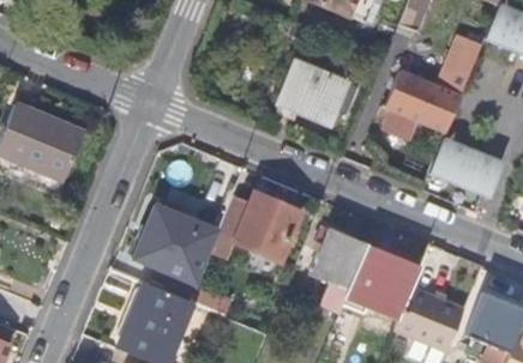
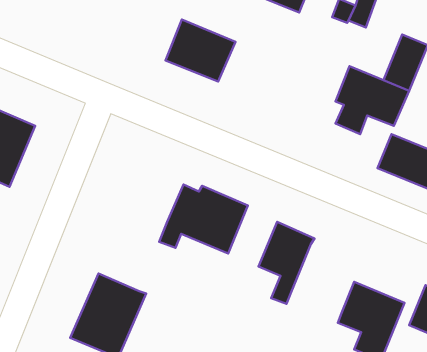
building: [278,61,350,125] -> [165,20,236,82]
building: [131,202,216,283] -> none
building: [343,252,415,322] -> none

